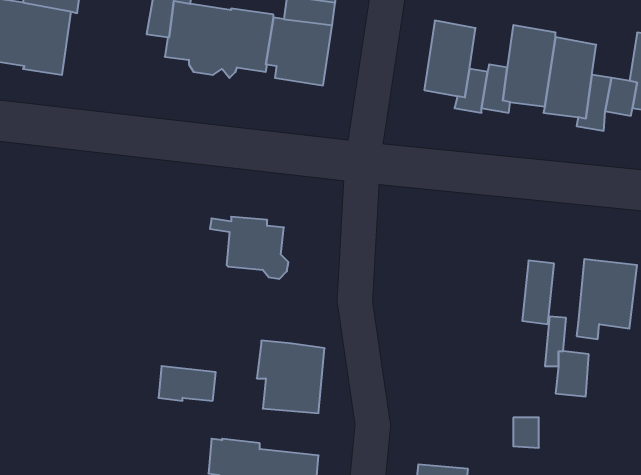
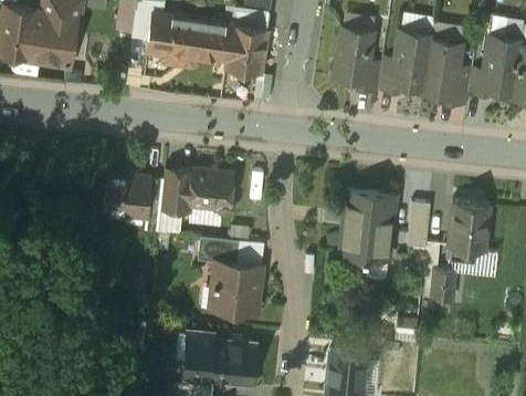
building: none -> [160,170,192,213]
building: none -> [104,171,150,217]
building: none -> [340,190,394,261]
building: [158,366,216,401] -> [198,238,240,263]

